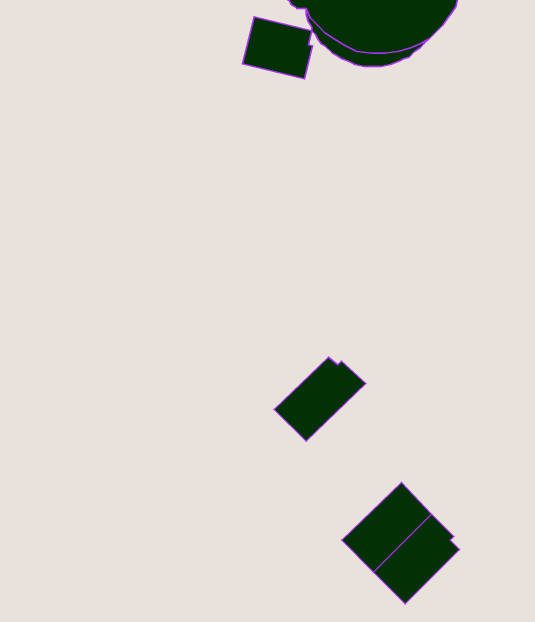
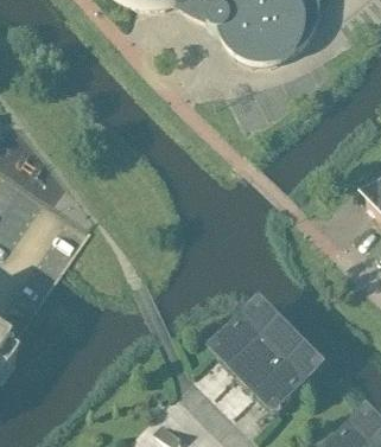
building: [243,17,313,79] -> none
building: [274,357,366,441] -> [221,307,279,360]

